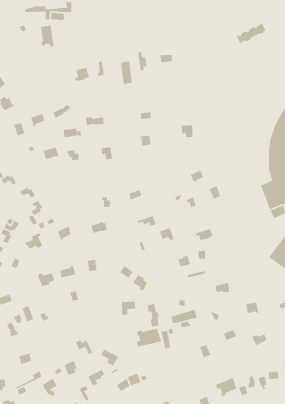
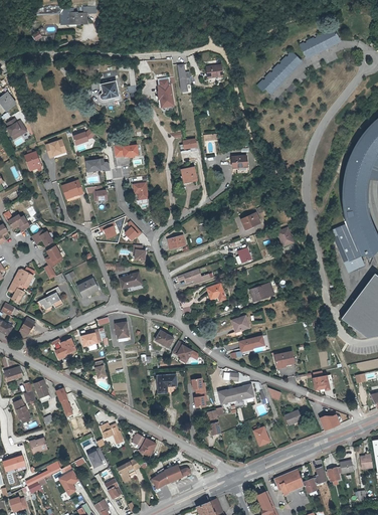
building: [40,24,54,47] -> none
building: none -> [256,51,301,92]
building: [136,328,162,347] -> none

